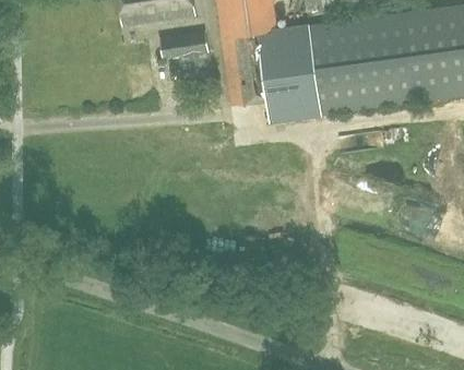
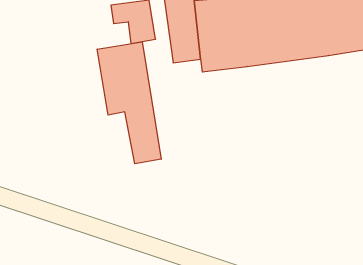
building: none -> [97,42,161,164]

